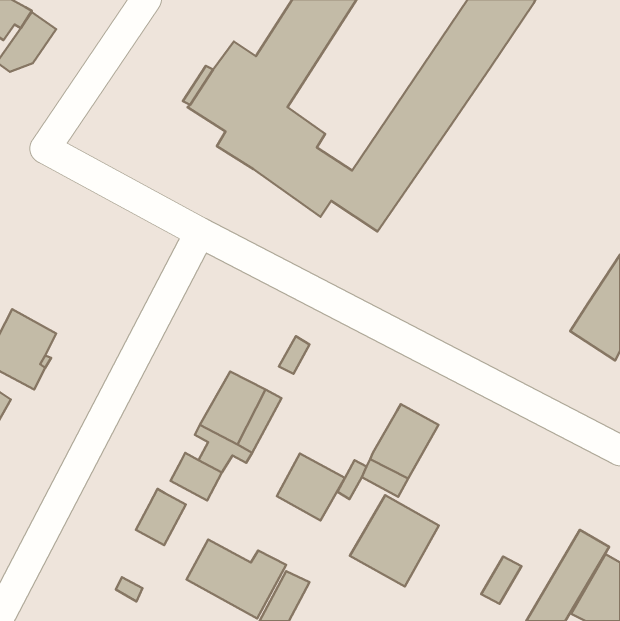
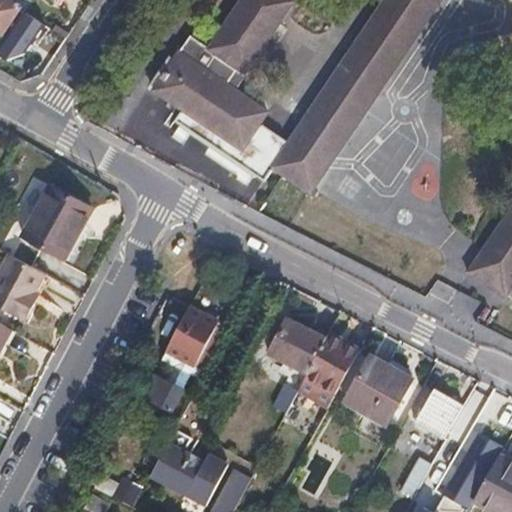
building: none -> [23,186,90,256]
building: [277,453,345,520] -> [270,317,326,372]
building: none -> [417,389,461,437]
building: [136,489,186,545] -> none
building: [350,495,439,586] -> [335,354,408,429]

